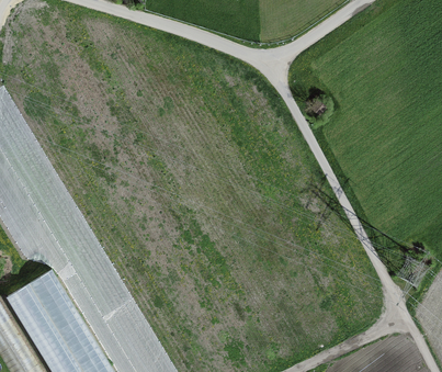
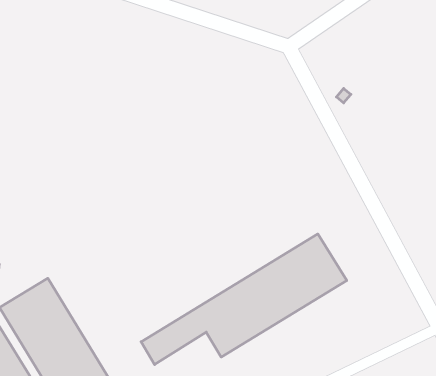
building: none -> [141,234,347,365]

